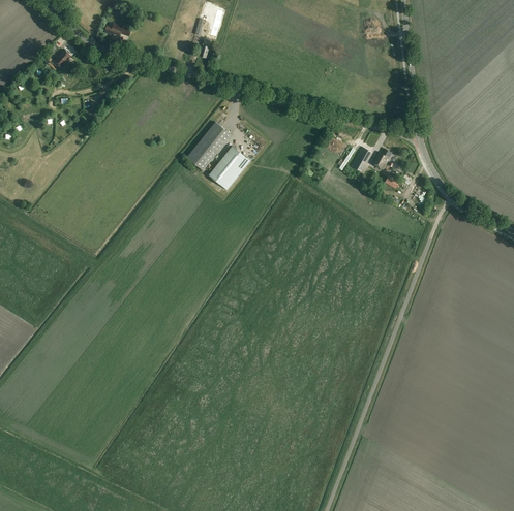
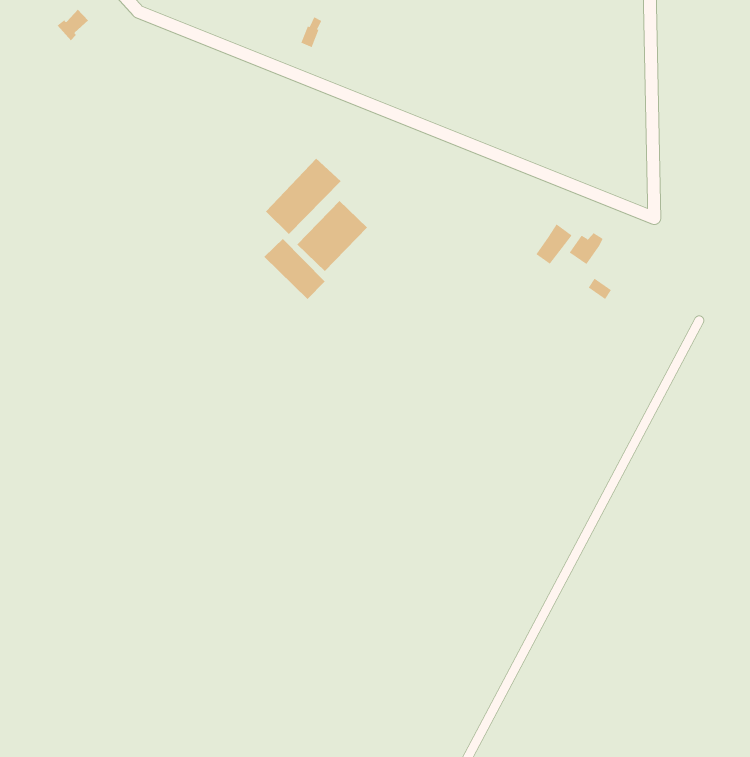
building: none -> [263,238,325,300]

